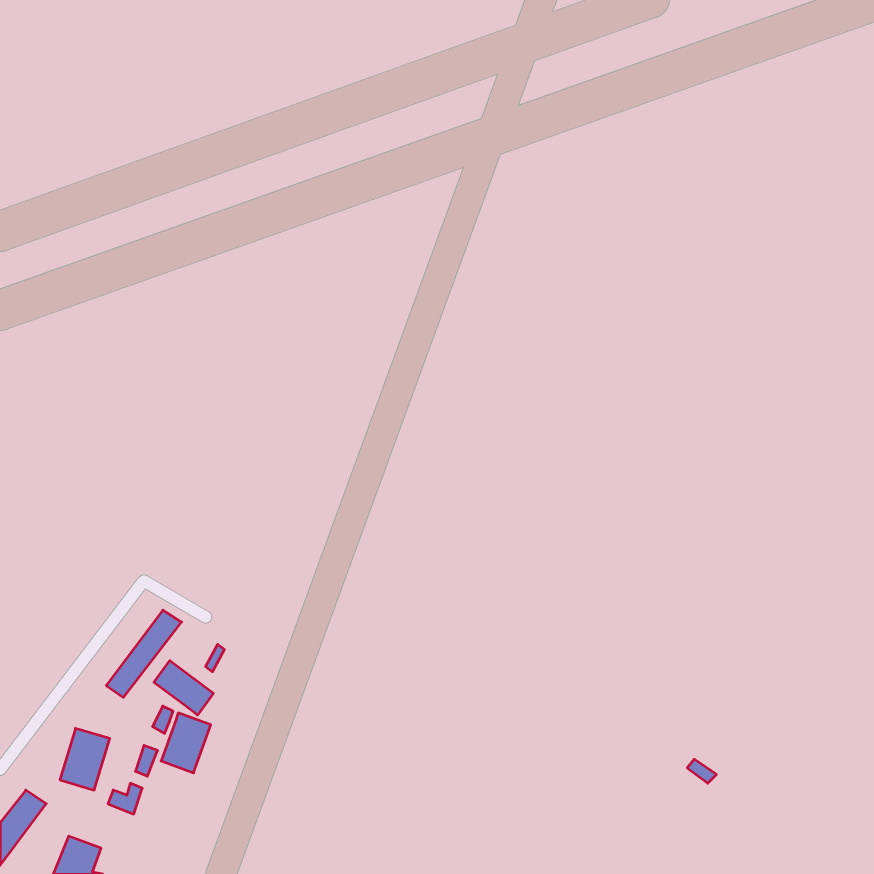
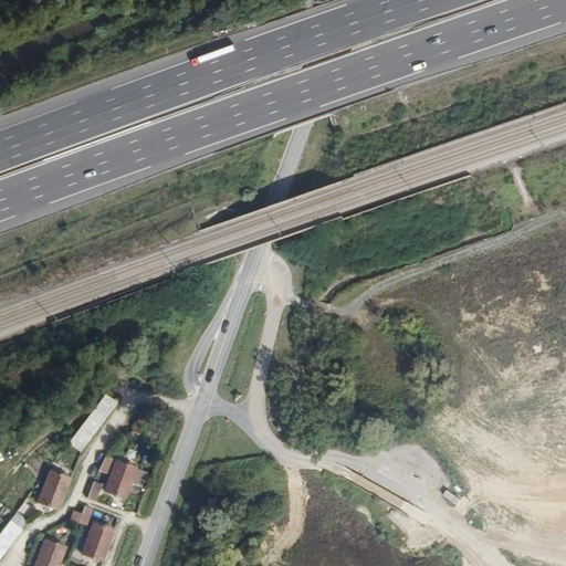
building: [154,661,213,715] -> none
building: none -> [82,518,112,559]

